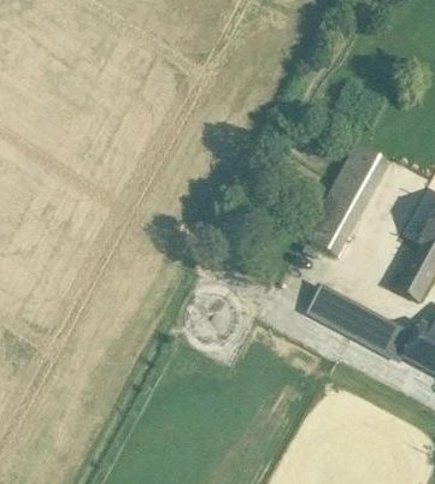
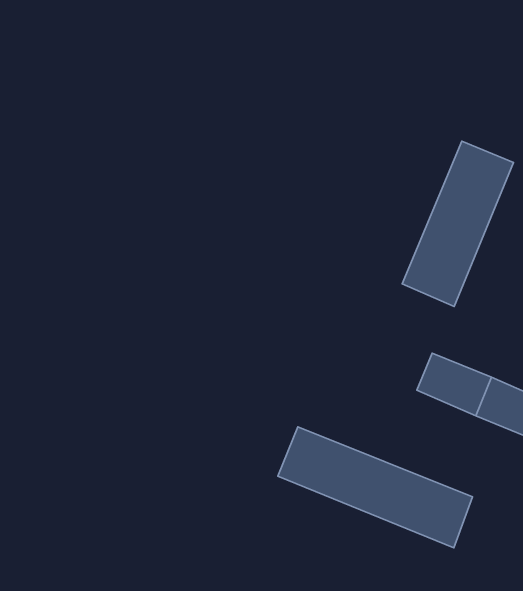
building: none -> [278,427,473,548]

